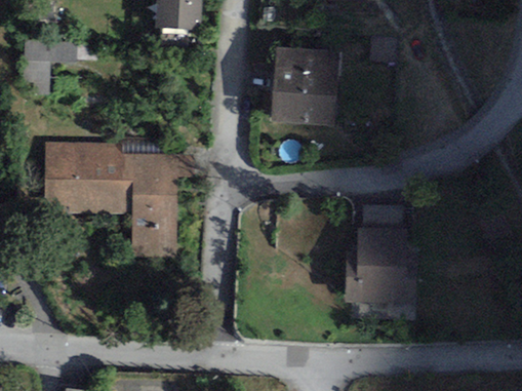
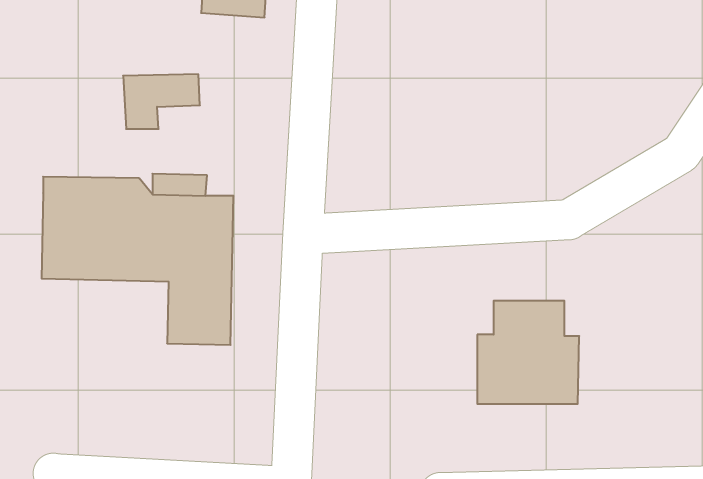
building: [28,40,81,78] -> [123,74,200,129]
building: [270,48,340,127] -> none

